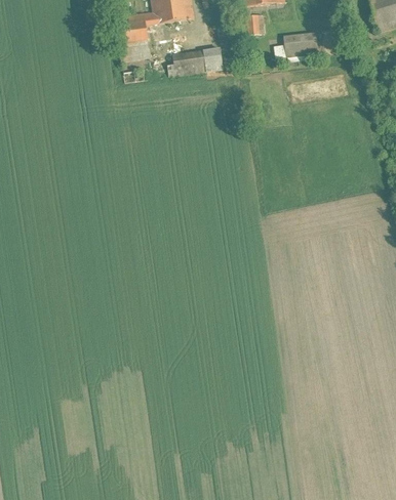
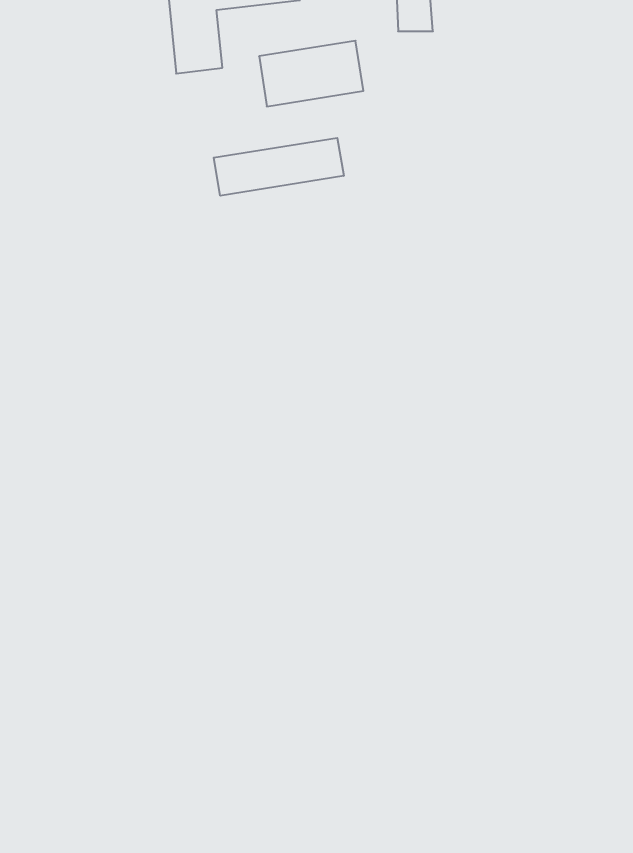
building: [284,26,317,53] -> none
building: none -> [214,138,344,196]

